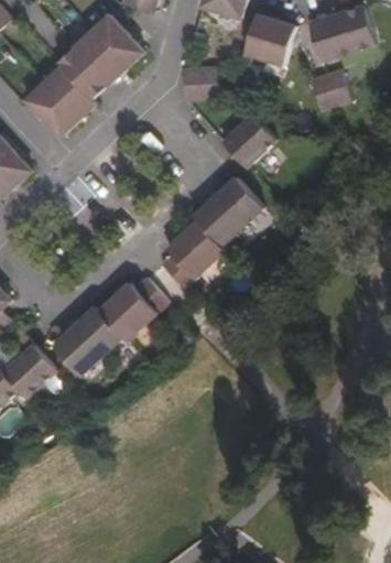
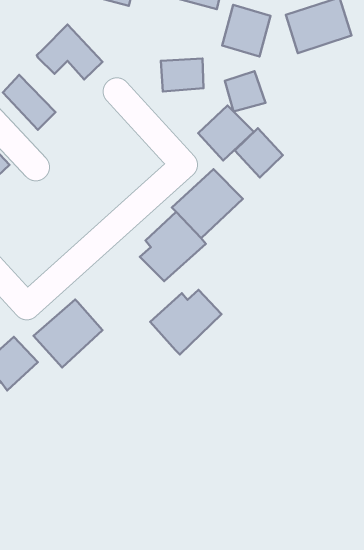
building: [88,12,142,67] -> none
building: [40,63,105,118] -> none
building: [308,65,349,106] -> [225,71,265,112]
building: none -> [235,128,283,178]
building: [98,277,170,342] -> [150,290,221,355]

